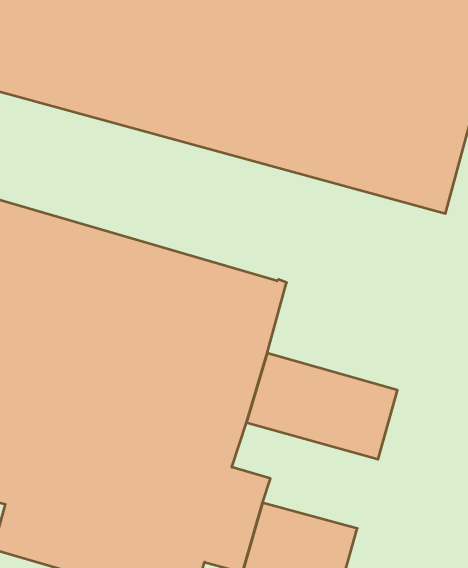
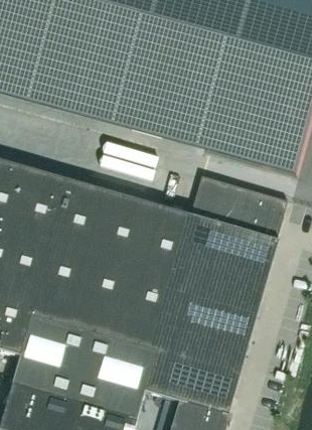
building: none -> [182,176,285,284]
building: none -> [160,304,252,371]

